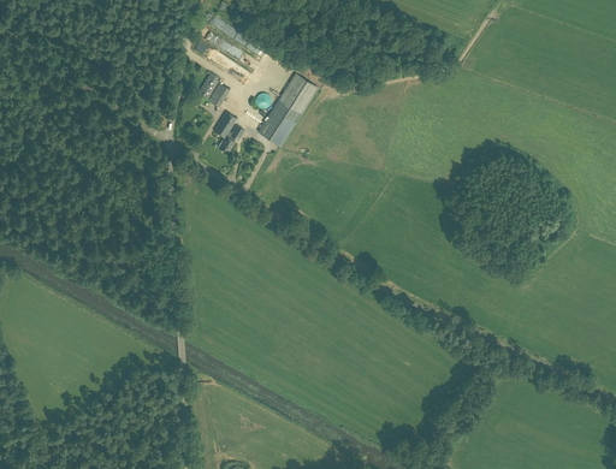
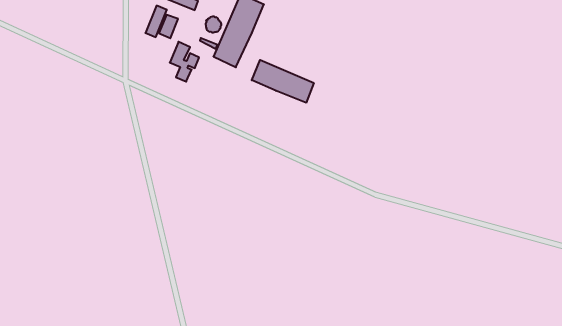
building: none -> [252,60,314,103]

